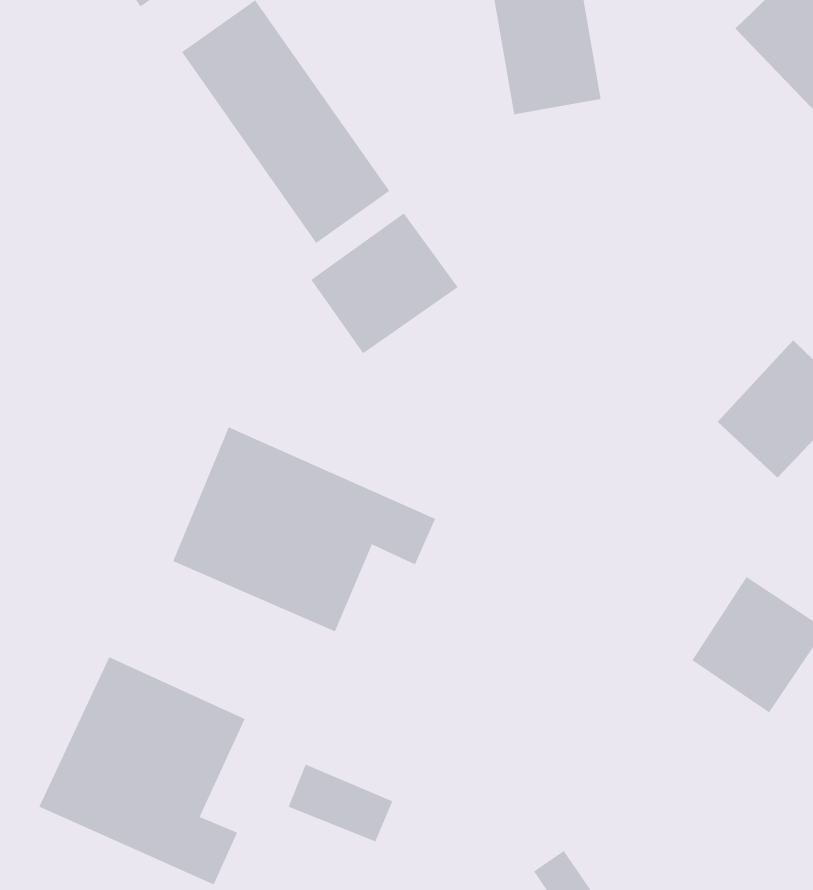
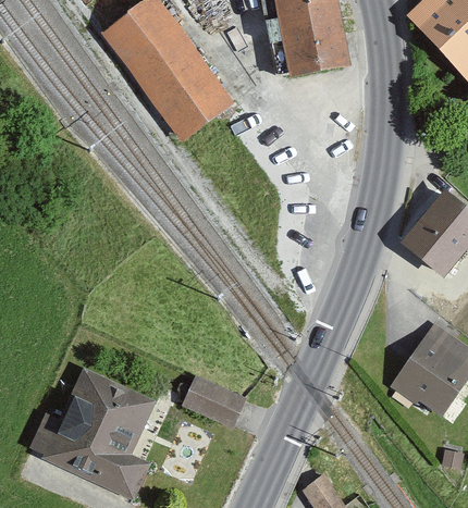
building: [311,212,459,354] -> none
building: [172,426,436,632] -> none
building: [288,764,393,842] -> [184,376,243,420]

